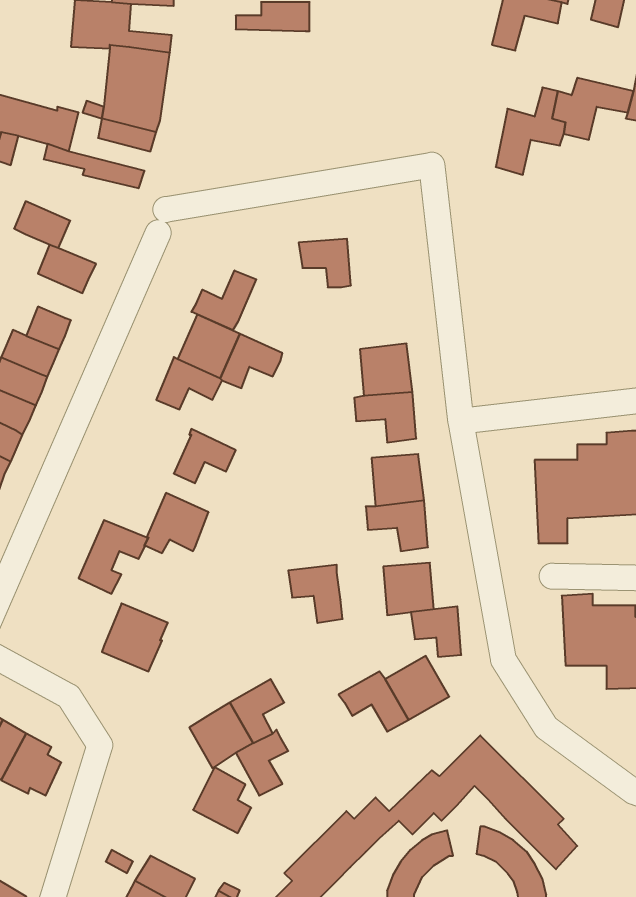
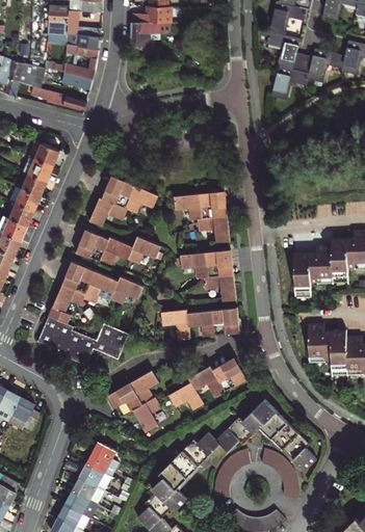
building: none -> [131,22,170,55]
building: none -> [266,30,299,69]
building: [14,201,70,248] -> [20,153,50,178]
building: [299,239,351,287] -> [173,193,201,219]
building: [191,270,256,330] -> none
building: none -> [75,230,108,263]
building: none -> [127,237,160,264]
building: none -> [179,251,207,278]
building: none -> [61,261,95,294]
building: none -> [110,276,141,304]
building: none -> [36,316,73,352]
building: none -> [92,324,128,360]
building: [411,606,461,657] -> [186,310,213,337]
building: none -> [167,382,203,410]
building: [193,767,251,833] -> [86,442,118,477]

